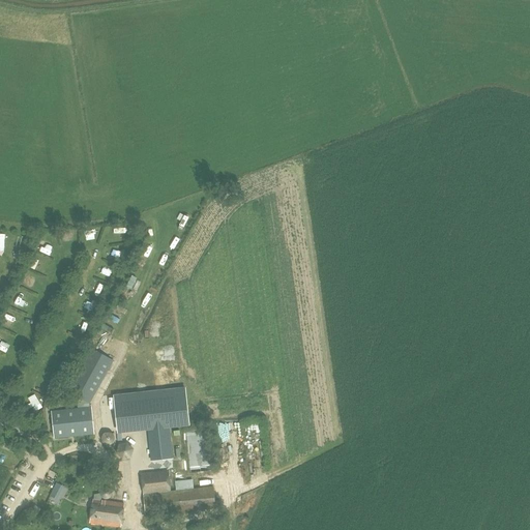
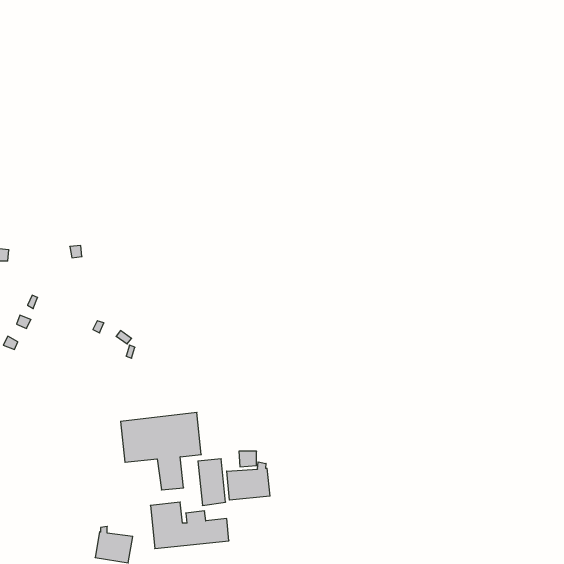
building: [51,347,114,437] -> none
building: none -> [227,462,270,500]

